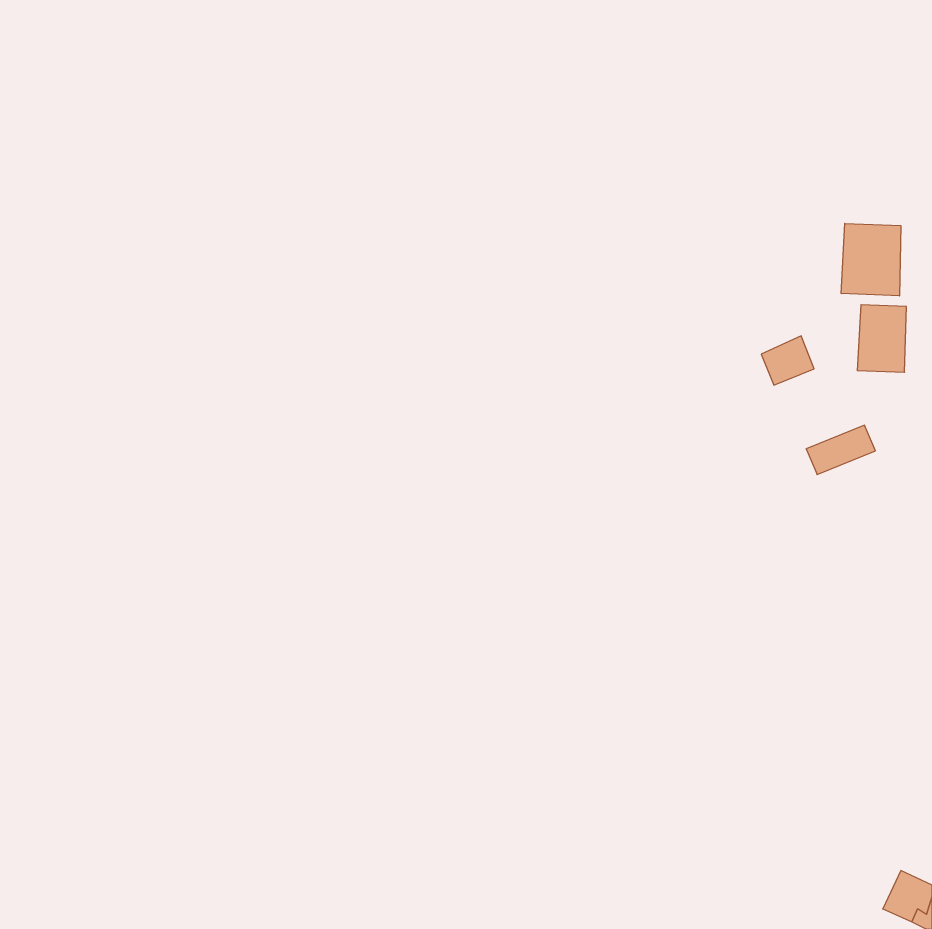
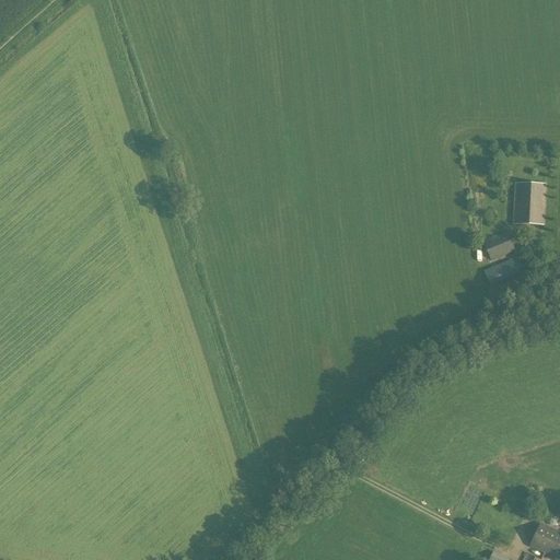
building: [841,223,901,296] -> none
building: [761,336,814,385] -> [483,230,515,259]

